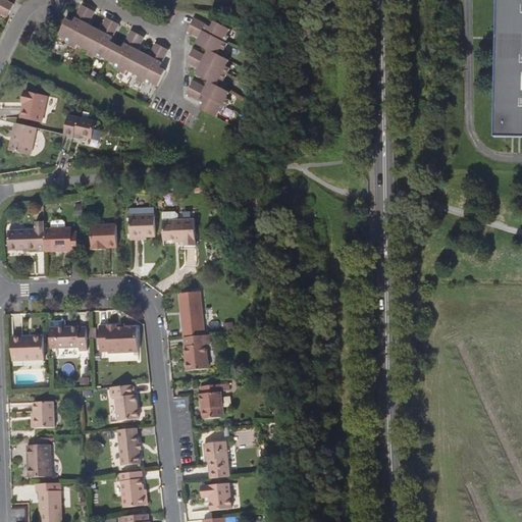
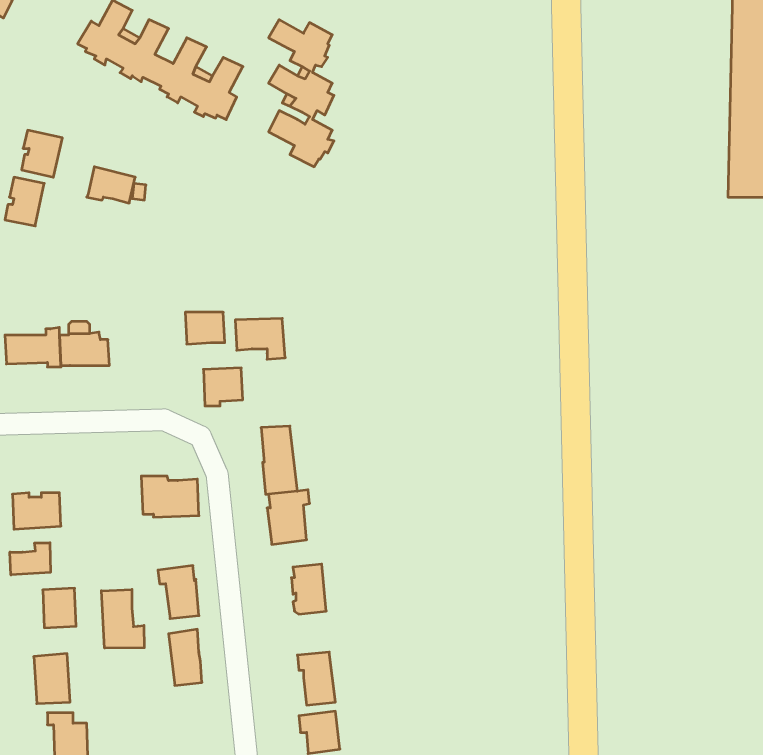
building: [91,223,117,249] -> [203,368,243,406]
building: [55,324,87,349] -> none
building: none -> [10,543,50,575]
building: none -> [101,589,144,648]
building: [120,470,145,506] -> none

